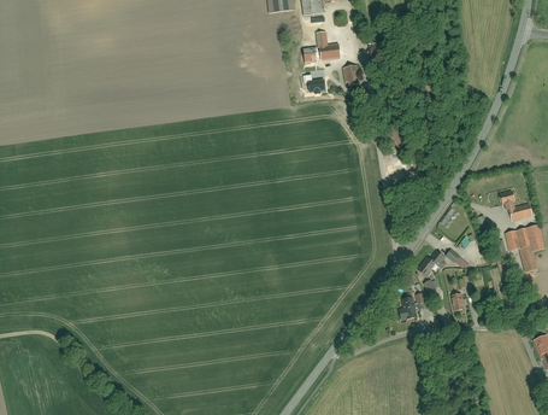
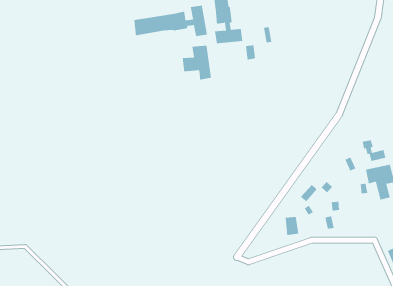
building: none -> [134,5,207,37]
building: none -> [182,45,211,80]

